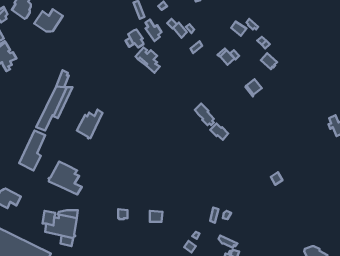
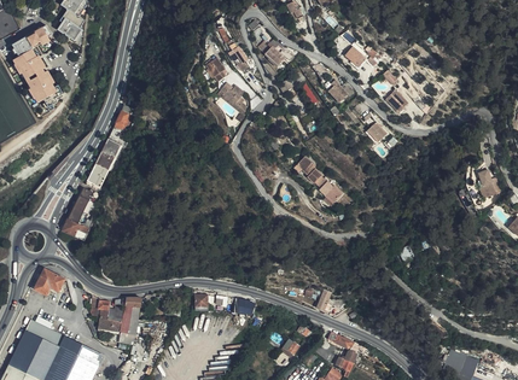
building: [34,9,63,31] -> none
building: [77,109,103,139] -> none
building: [49,162,82,195] -> none

